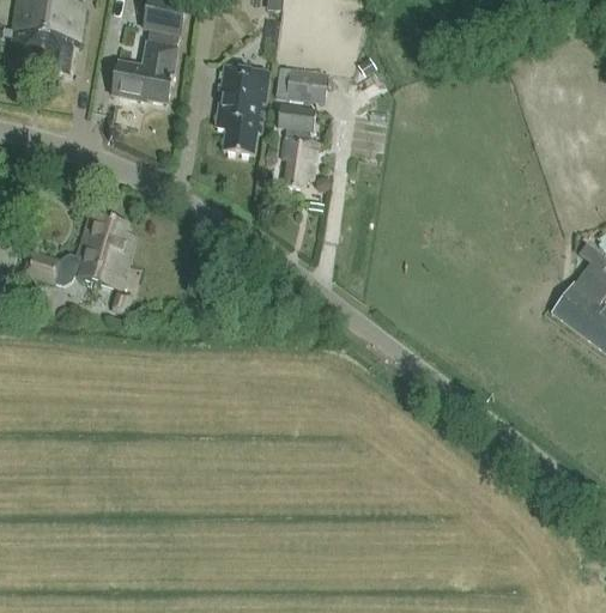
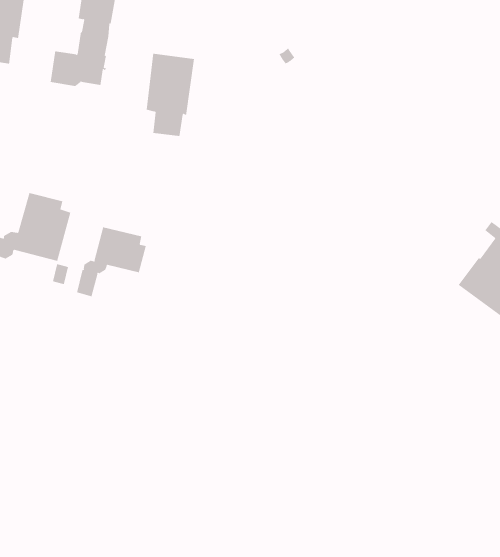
building: [277,66,329,102] -> none
building: [277,102,317,186] -> none
building: none -> [76,226,146,297]

